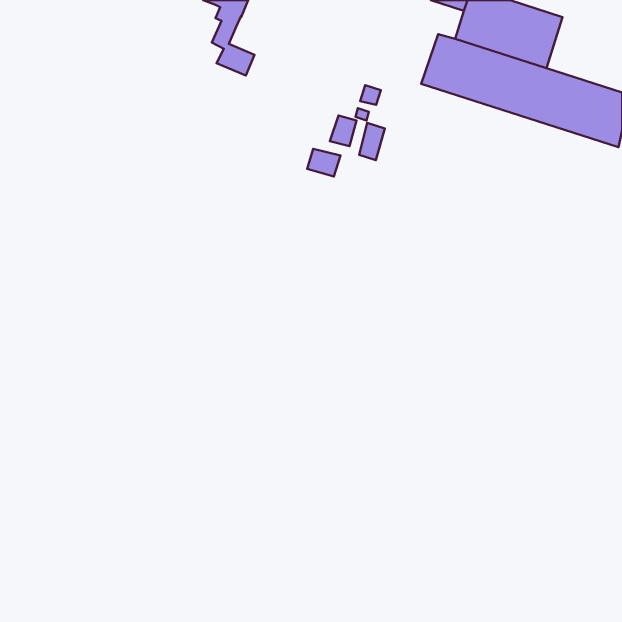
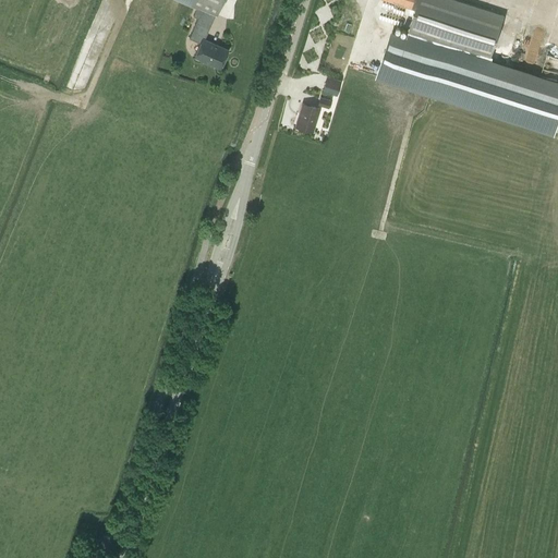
building: [359,123,385,160] -> none
building: [307,149,341,177] -> none

